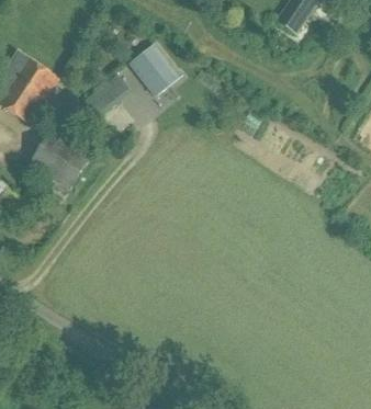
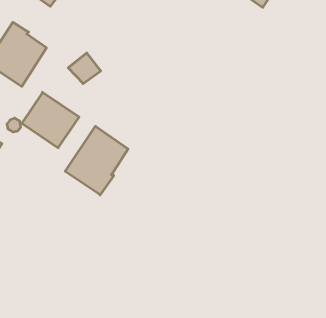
building: [127,42,178,94] -> none
building: none -> [65,126,128,195]

